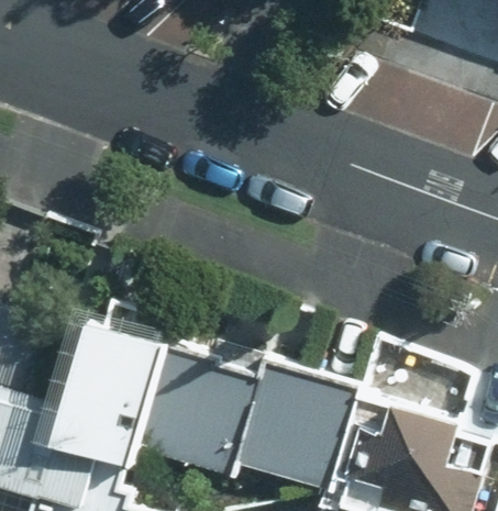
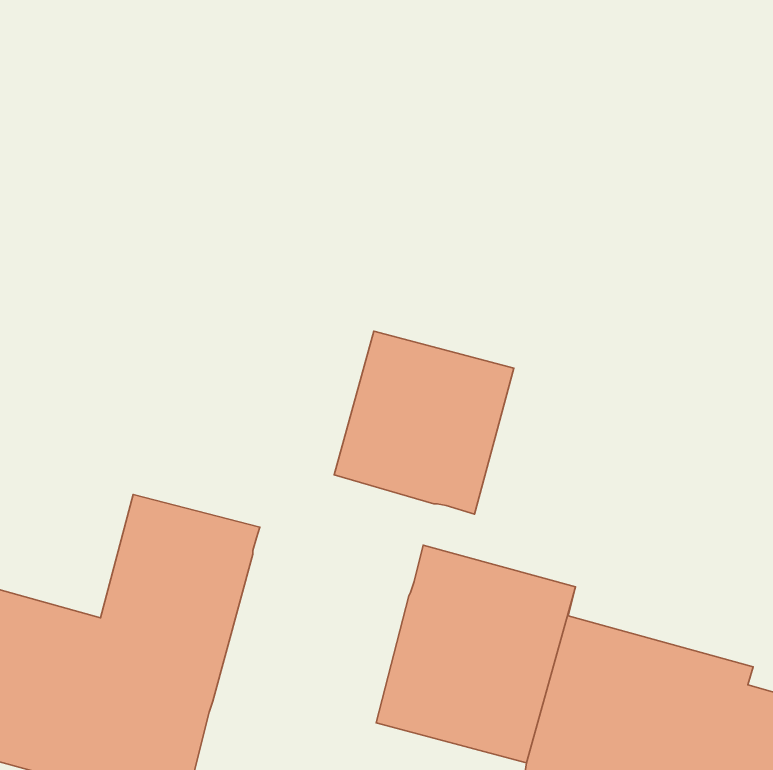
building: none -> [334,331,514,514]
building: [130,351,252,475] -> none

